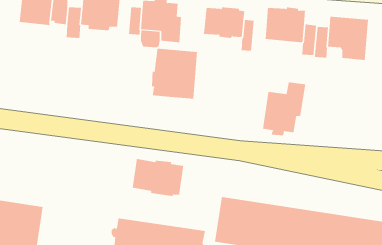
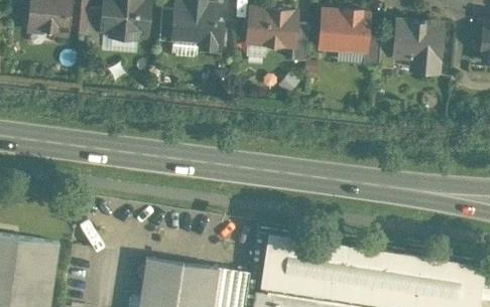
building: [152,48,198,99] -> none
building: [263,82,306,136] -> none
building: [132,158,184,197] -> none

